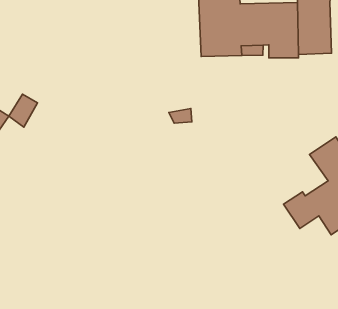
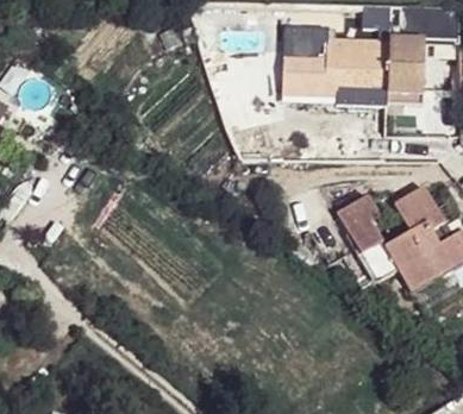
building: none -> [334,199,381,256]

